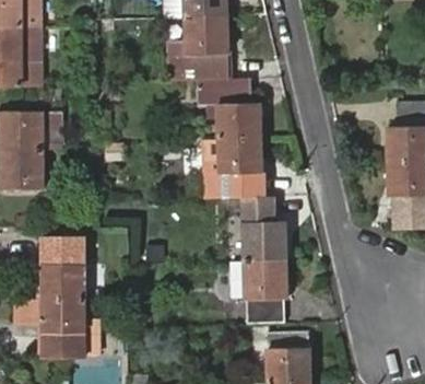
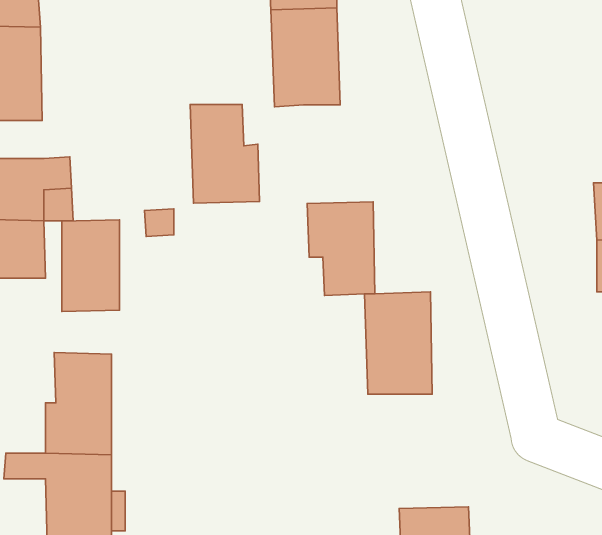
building: [204,78,248,140] -> [190,104,260,203]
building: none -> [62,220,119,312]
building: [245,260,286,325] -> none

